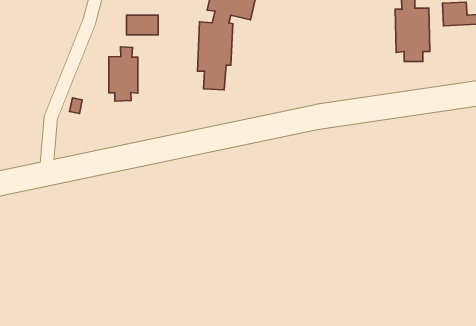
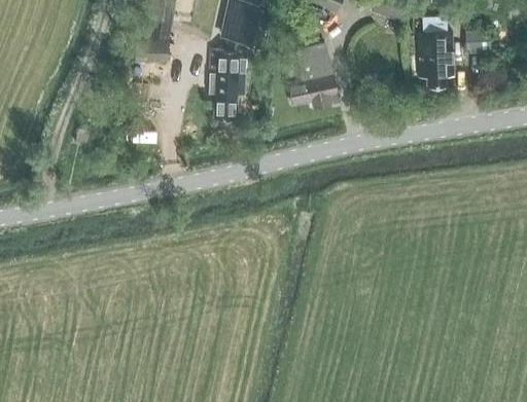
building: none -> [286,42,339,109]
building: [109,47,138,101] -> none

